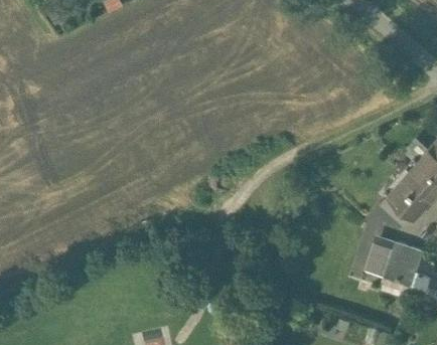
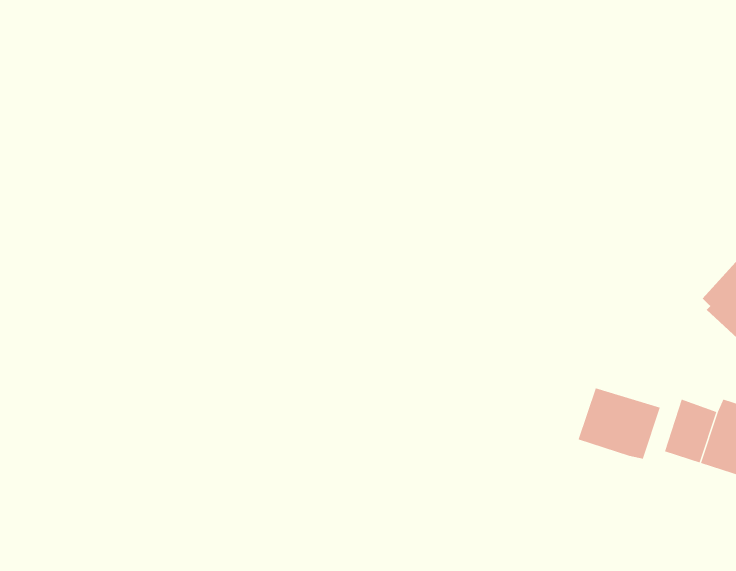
building: none -> [578,388,660,460]

